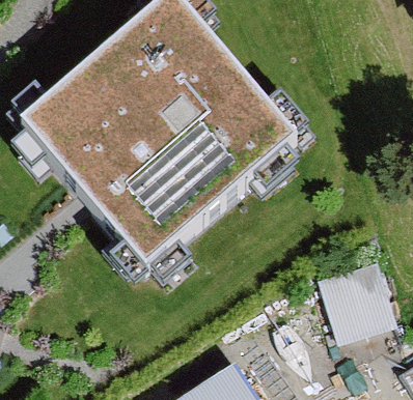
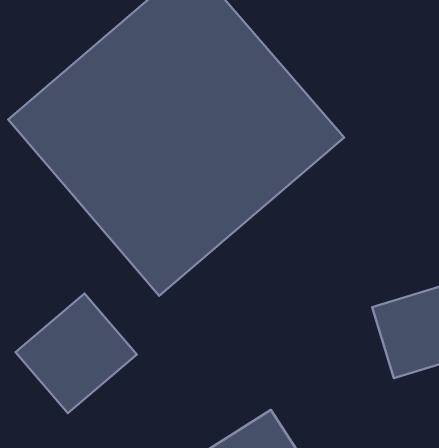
building: none -> [16,293,137,413]

